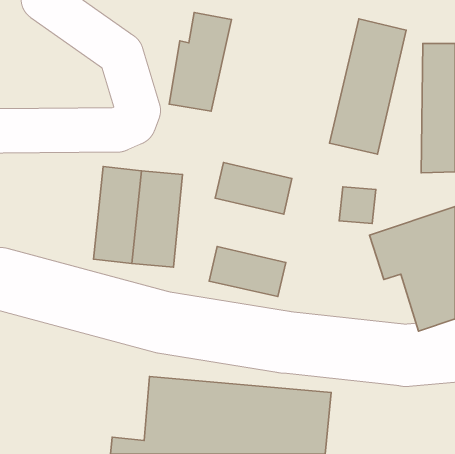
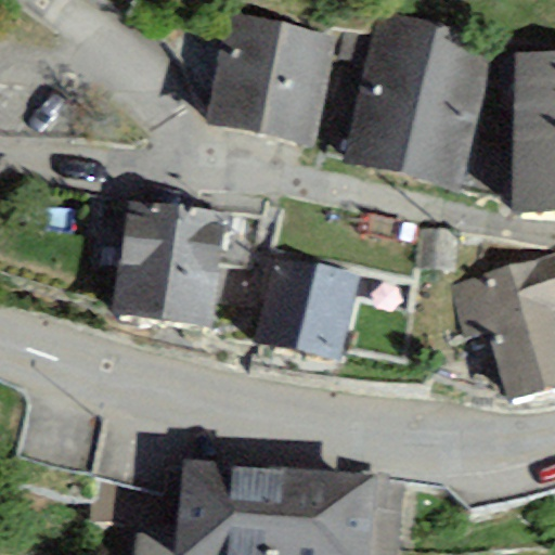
building: none -> [346,11,437,175]
building: none -> [257,24,334,146]
building: [215,162,292,214] -> [264,257,358,320]

